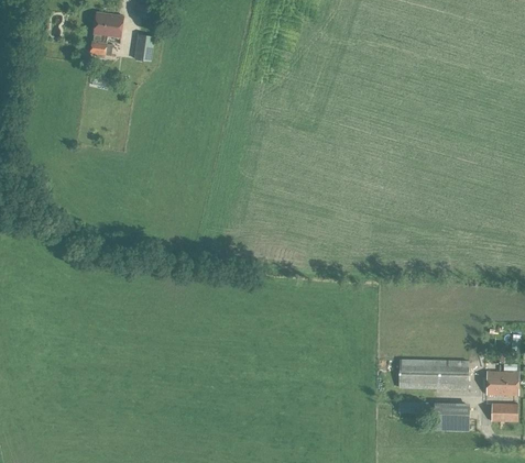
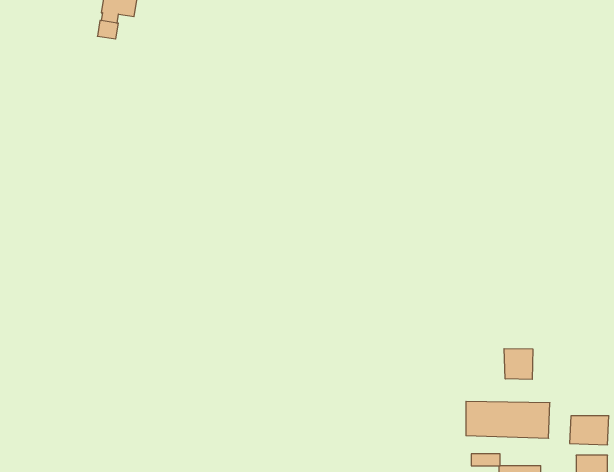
building: [134,33,154,60] -> none
building: none -> [504,349,533,379]

